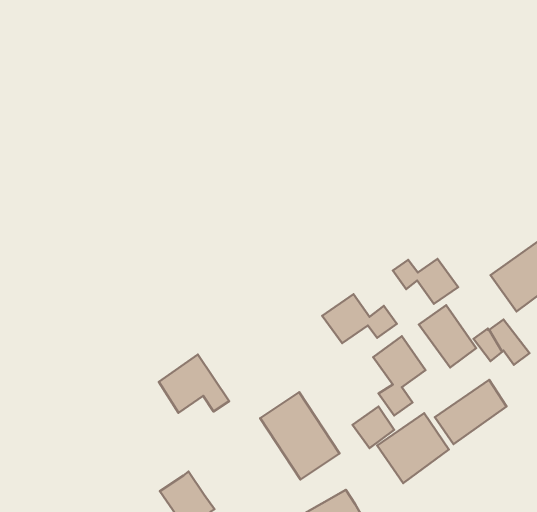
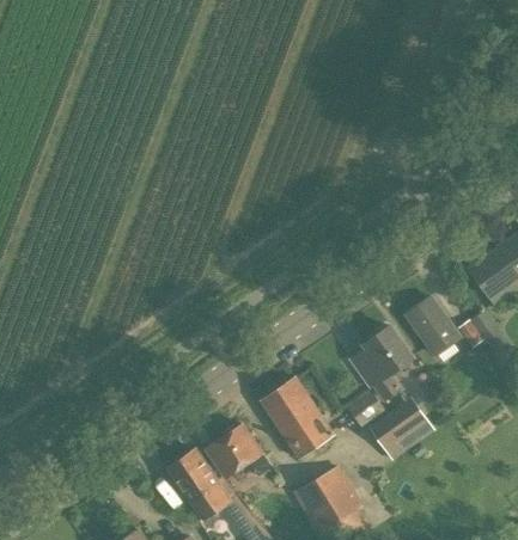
building: [393,259,458,304] -> none
building: [322,294,397,343] -> none
building: [159,354,229,413] -> [206,423,270,477]
building: [435,380,507,444] -> none

